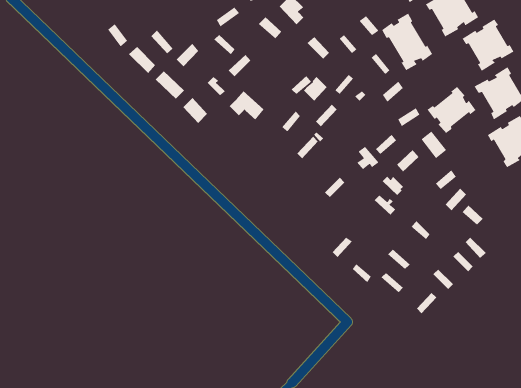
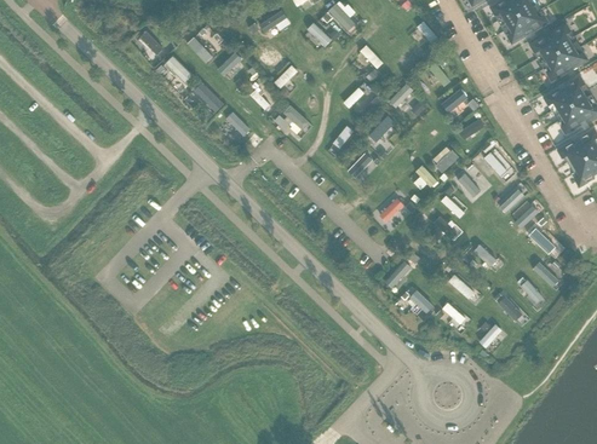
building: [381,13,433,71] -> none
building: [427,86,477,134] -> none

